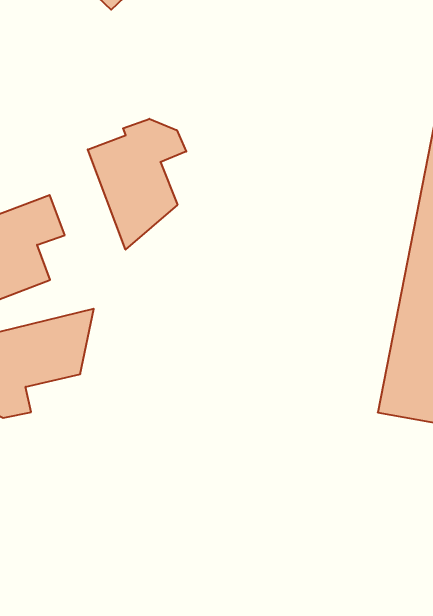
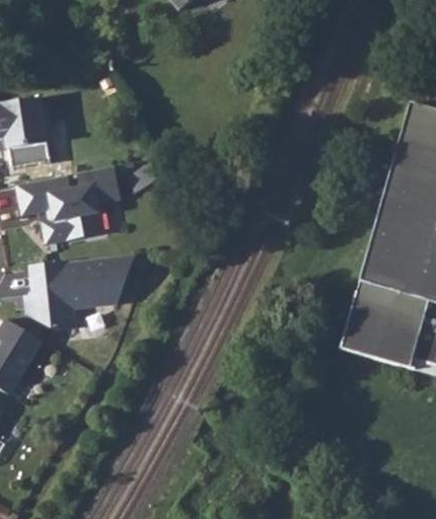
building: [88,119,186,250] -> none

